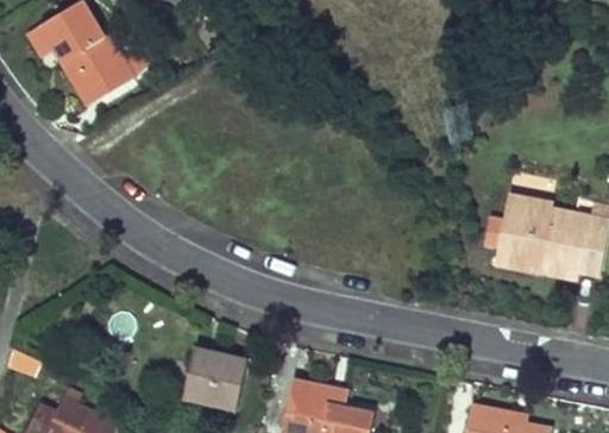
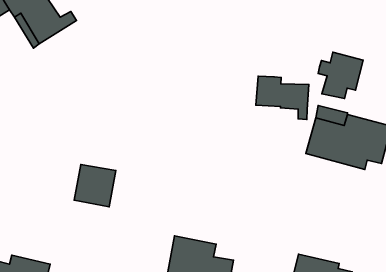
building: none -> [318,52,363,99]
building: none -> [256,76,309,120]
building: [186,345,245,406] -> [74,165,116,207]

